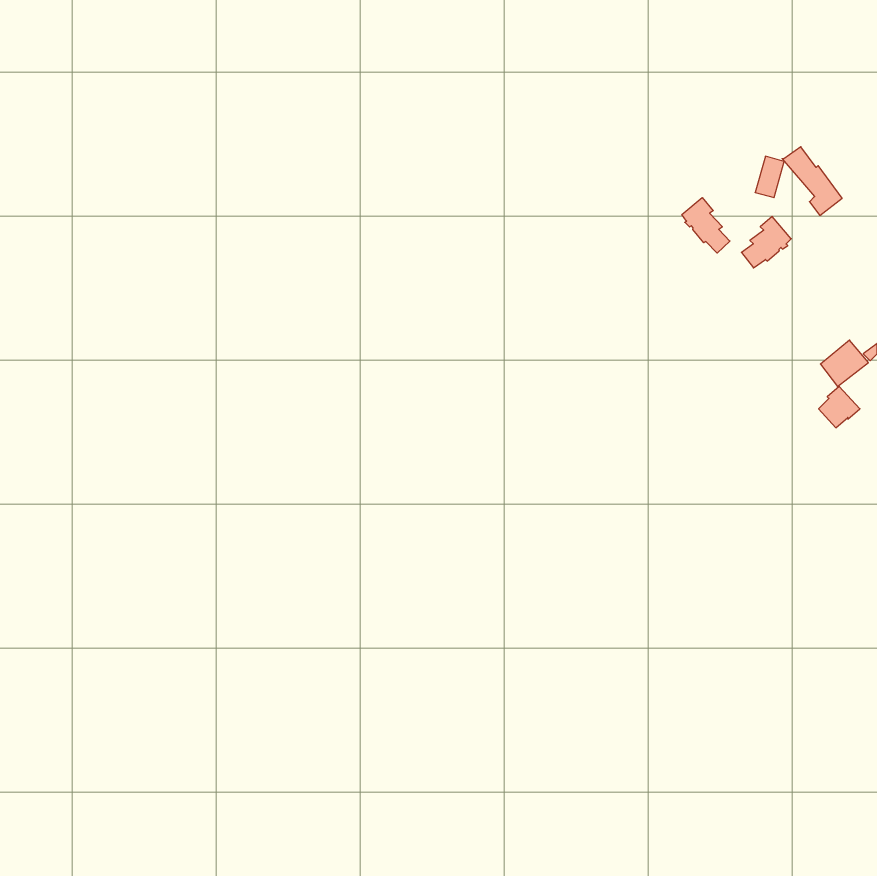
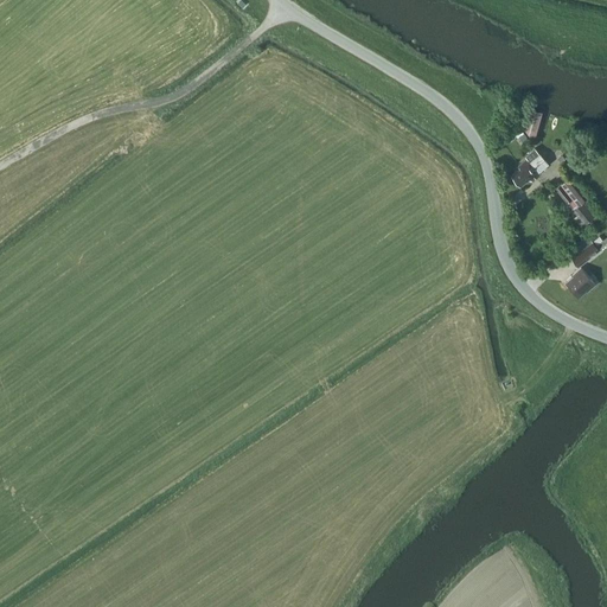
building: [782,147,842,215] -> [554,181,595,229]
building: [682,198,730,253] -> none

